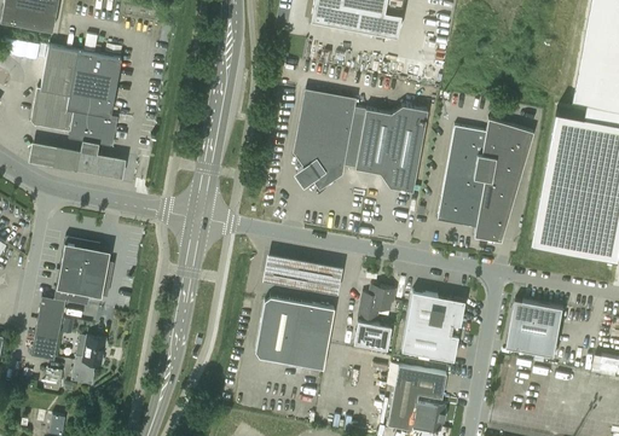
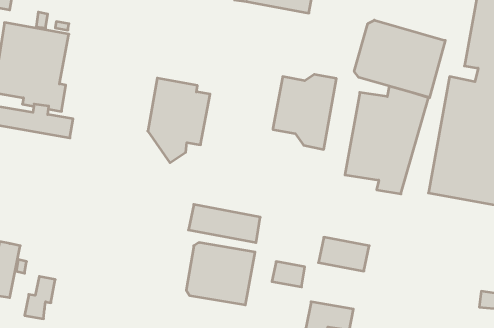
building: none -> [354,20,445,98]
building: [294,92,365,188] -> [148,78,210,163]
building: [53,237,114,307] -> none
building: [358,287,395,321] -> none
building: [507,301,563,356] -> none
building: [400,321,458,361] -> none

